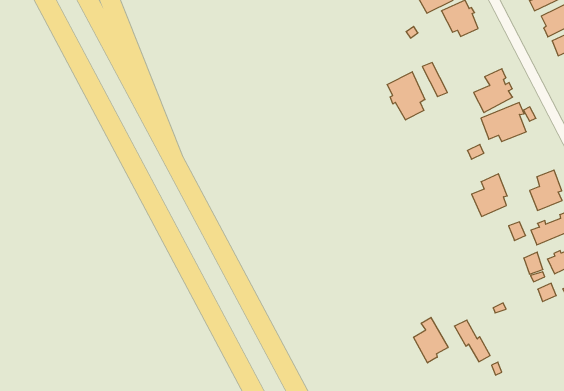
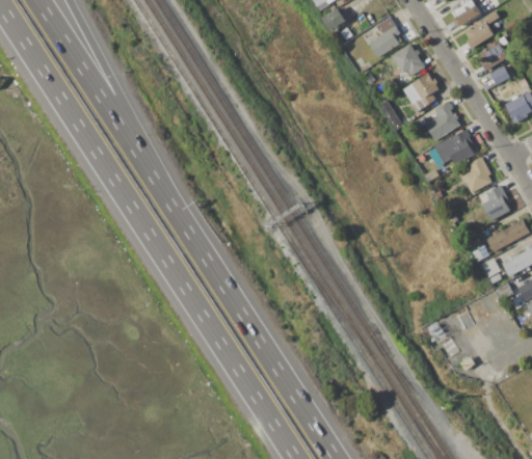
building: none -> [403,74,437,111]
building: [387,72,425,120] -> none
building: [472,174,507,216] -> [460,156,491,194]
building: [414,317,448,363] -> none

